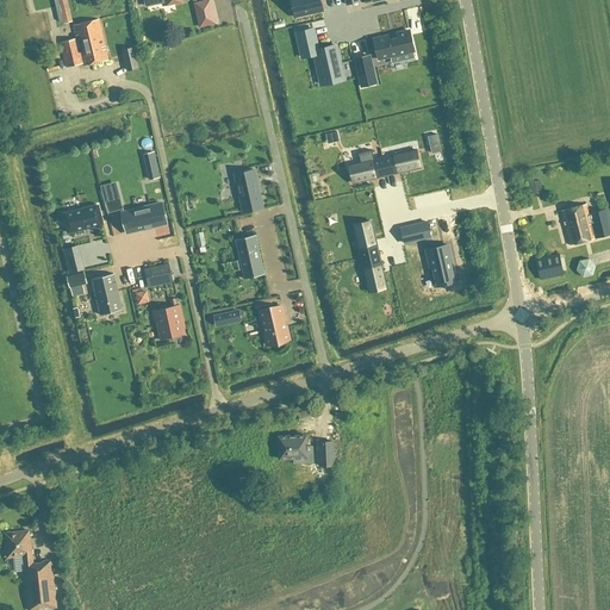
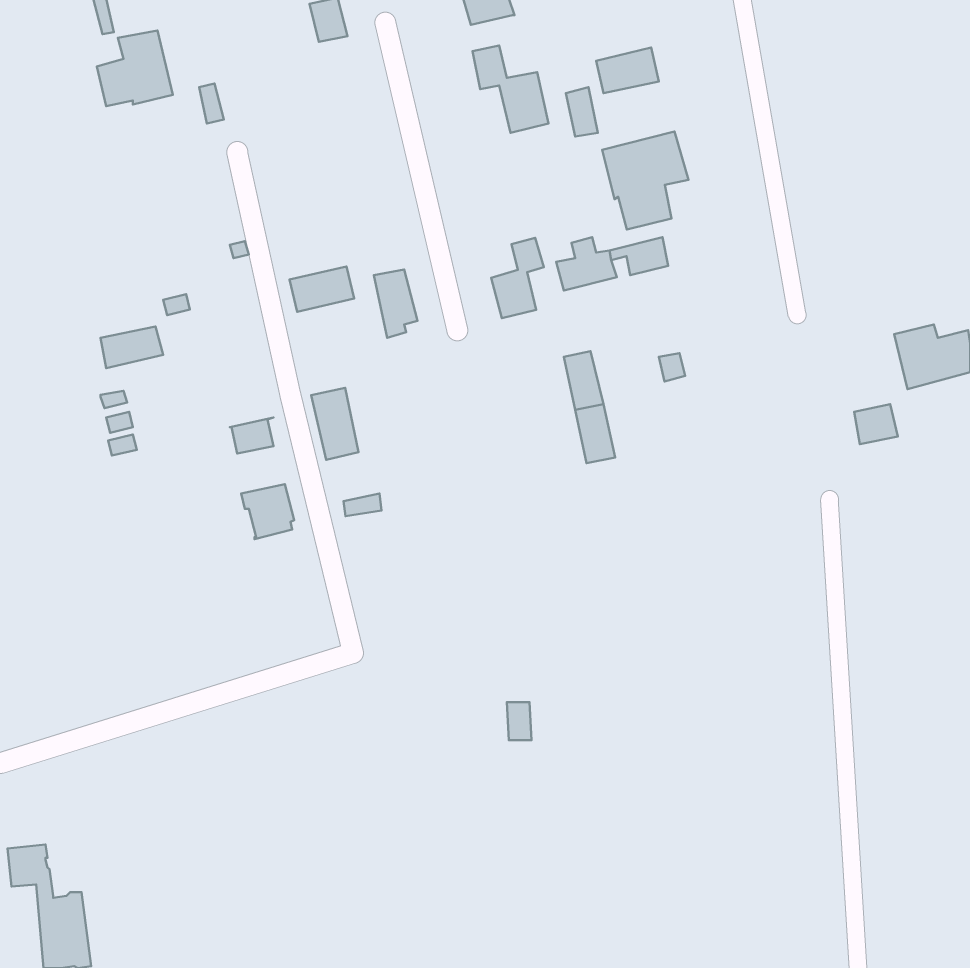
building: none -> [602,132,688,230]
building: none -> [491,238,544,318]
building: [123,204,163,232] -> [290,266,354,312]
building: [235,234,264,279] -> [311,388,358,460]
building: [427,244,454,285] -> none
building: [92,273,122,315] -> none
building: [259,305,290,344] -> none
building: [279,435,313,462] -> none

